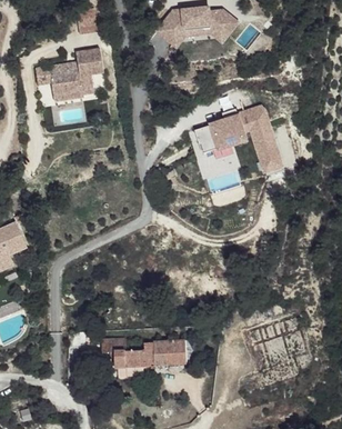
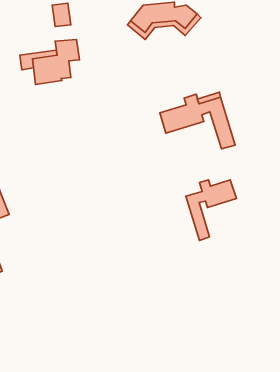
building: none -> [186,180,236,240]
building: [100,340,197,369] -> none

